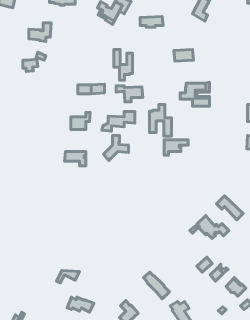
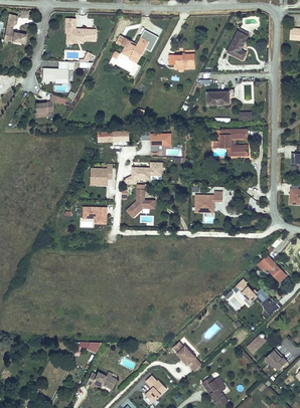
building: [114,49,133,80] -> none
building: [150,104,171,136] -> none

